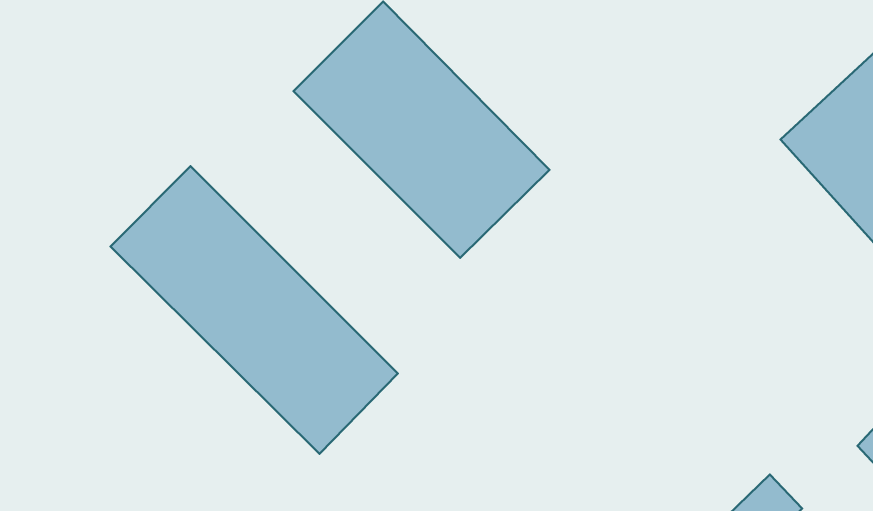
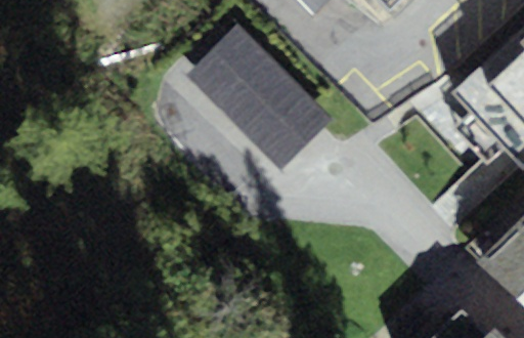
building: [111,166,398,454] -> none

